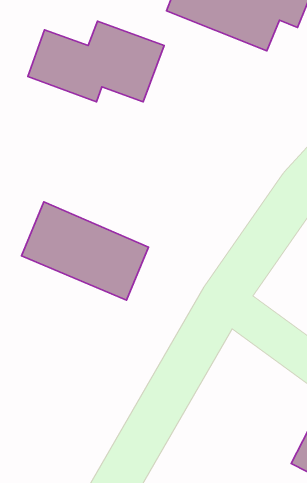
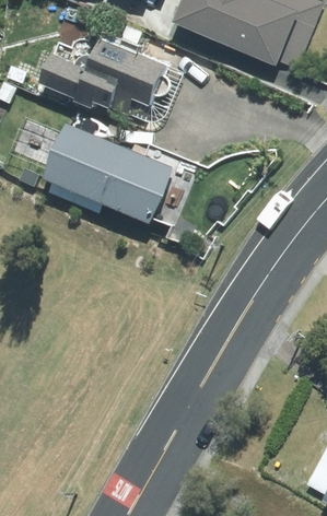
building: [22,202,149,300] -> [45,122,176,224]

